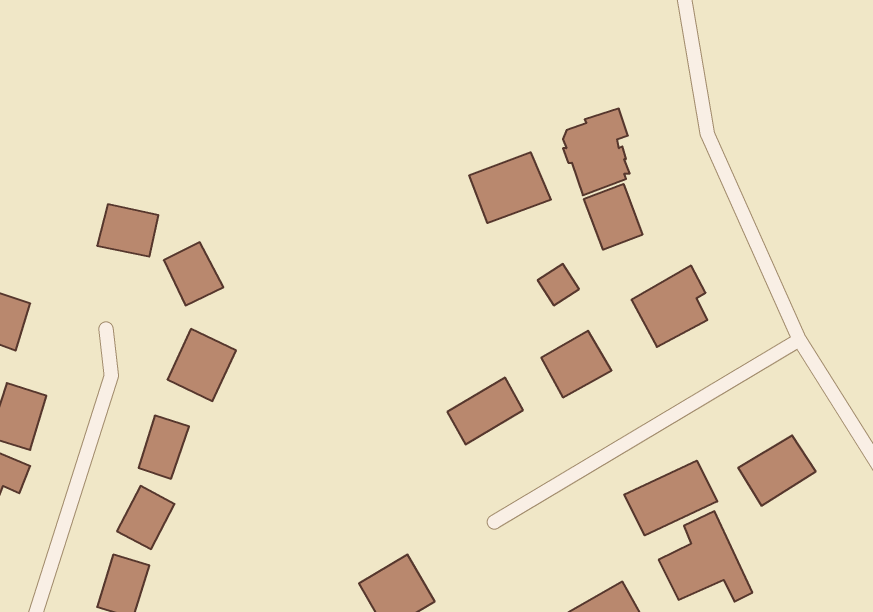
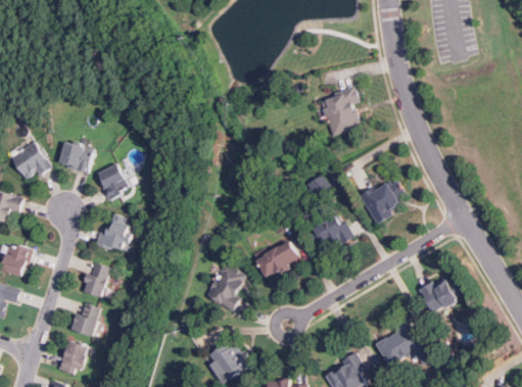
building: [469,152,551,223] -> none
building: [584,184,642,250] -> none
building: none -> [10,141,50,181]
building: none -> [206,263,249,309]
building: [624,461,717,535] -> none

